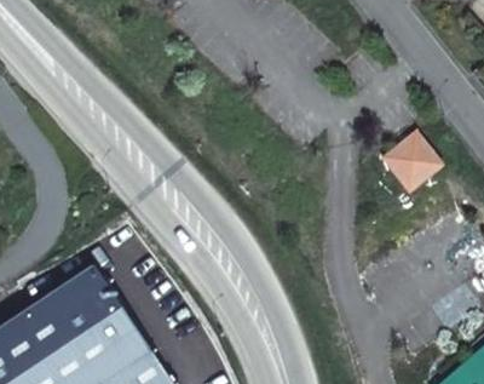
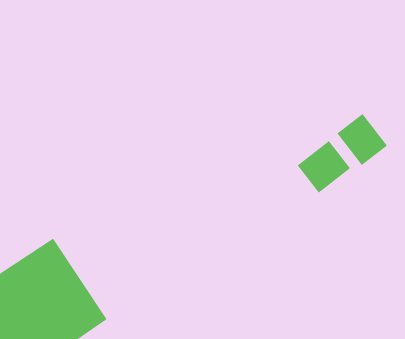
building: none -> [297,140,351,193]

